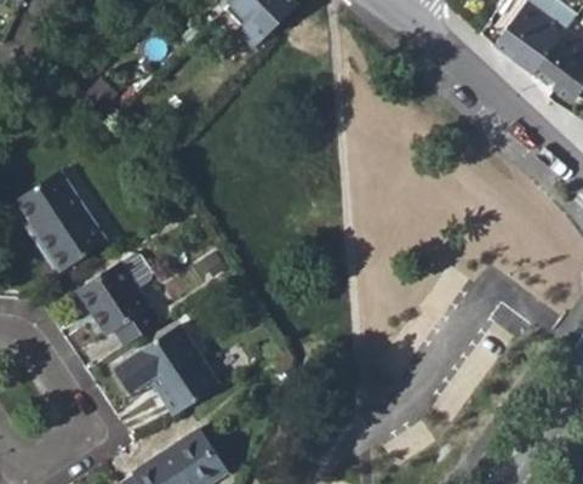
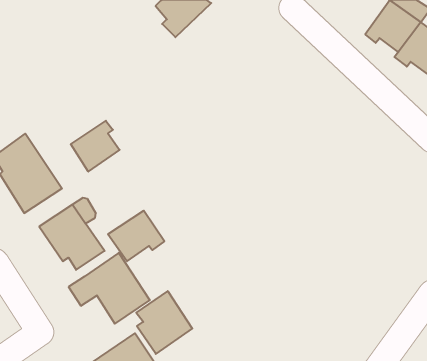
building: none -> [71,121,120,172]
building: none -> [108,211,164,261]
building: none -> [136,291,192,354]

